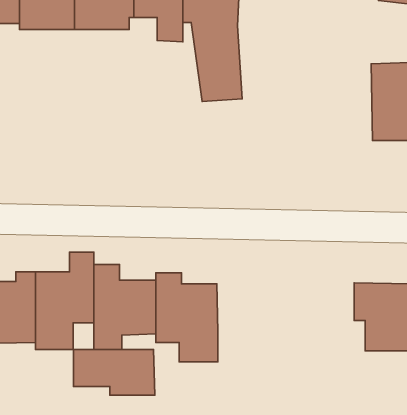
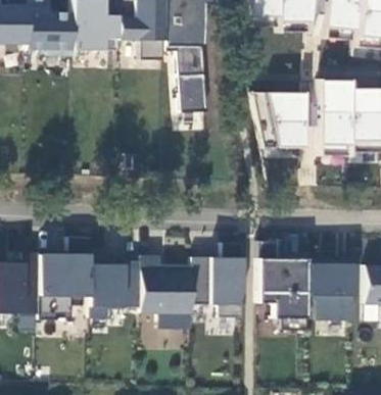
building: none -> [256,92,306,147]
building: none -> [259,242,307,329]
building: none -> [192,244,243,318]
building: [73,350,155,395] -> none

